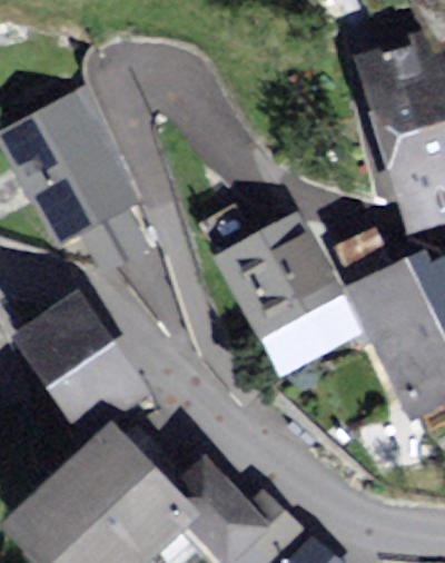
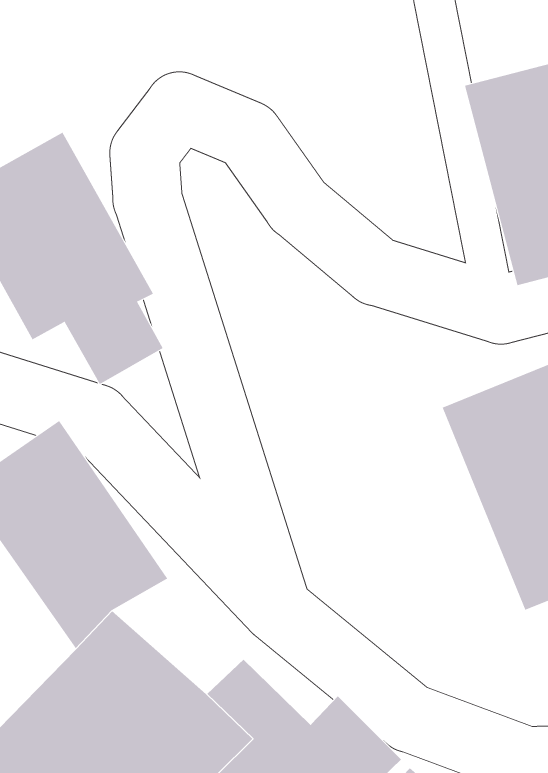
building: [218,210,362,375] -> none

